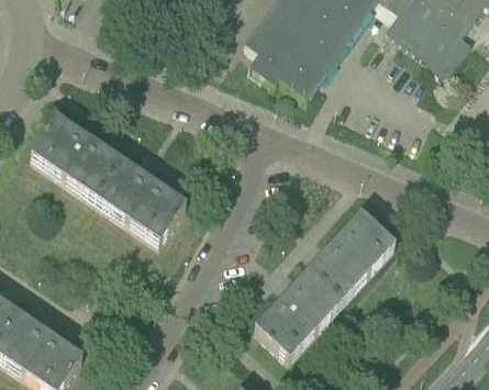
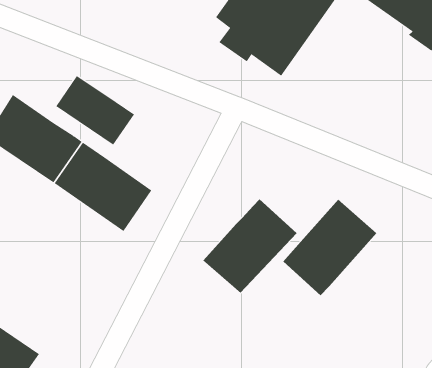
building: none -> [56,75,135,146]
building: [255,267,343,355] -> [203,199,297,294]

